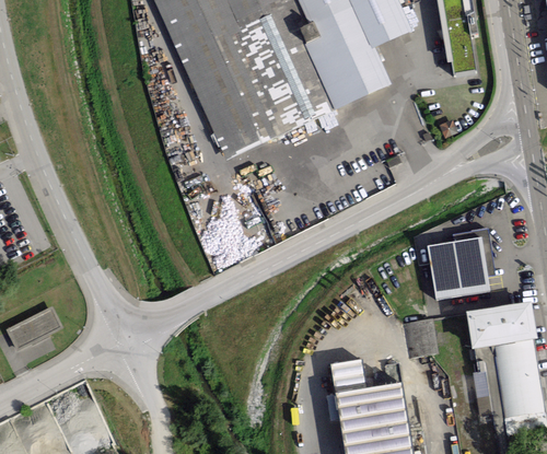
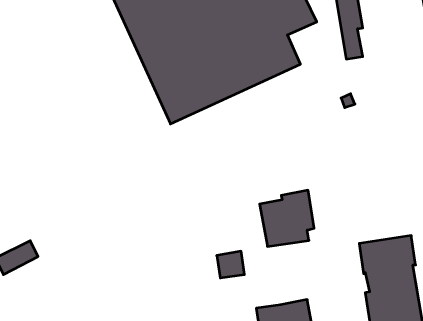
building: [427,226,496,298] -> [260,190,314,246]
building: [409,321,437,356] -> none
building: [330,358,365,392] -> [217,251,244,278]

